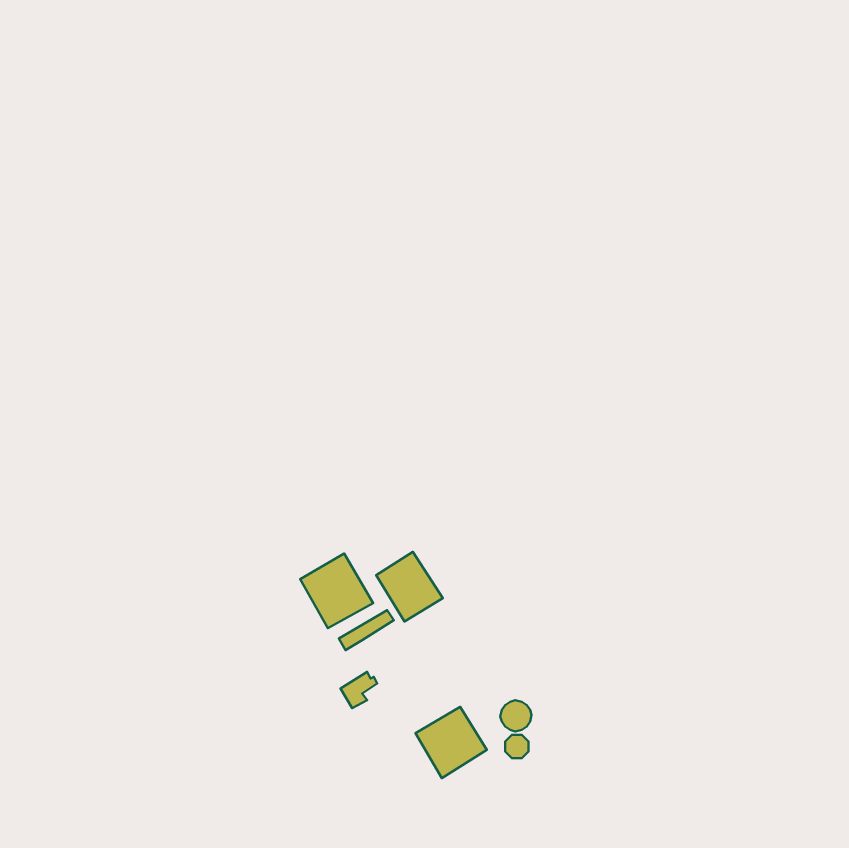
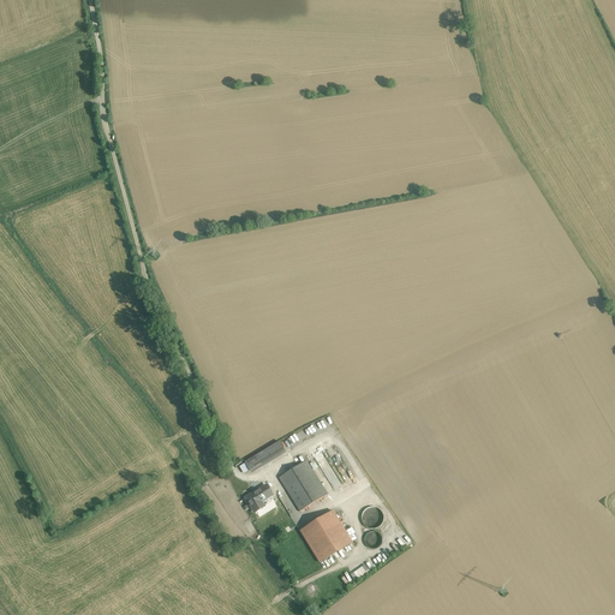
building: [376,552,443,622] -> [280,460,328,510]
building: [300,553,373,628] -> none

